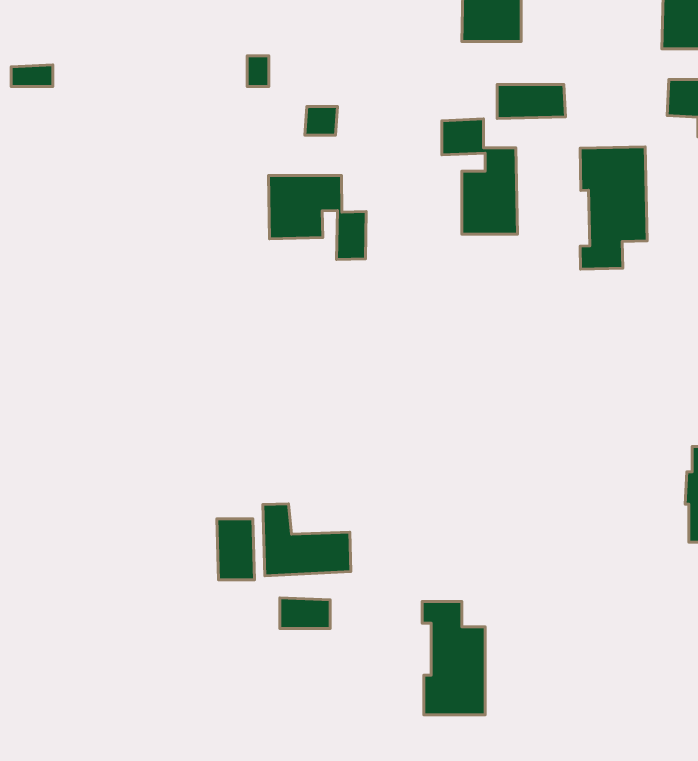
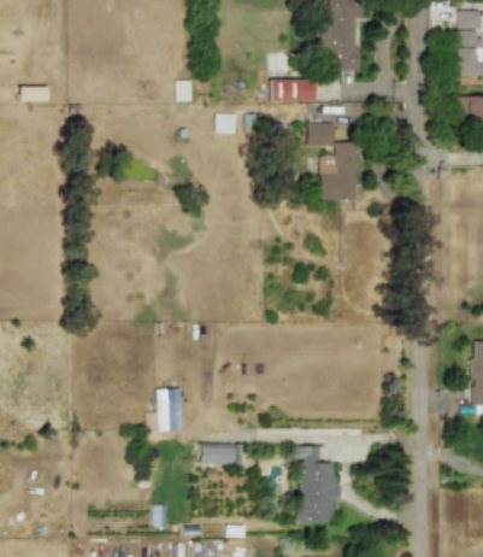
building: [497,84,566,119] -> [270,78,316,101]
building: [580,147,647,269] -> none
building: [269,175,366,260] -> none
building: [263,504,351,576] -> none

